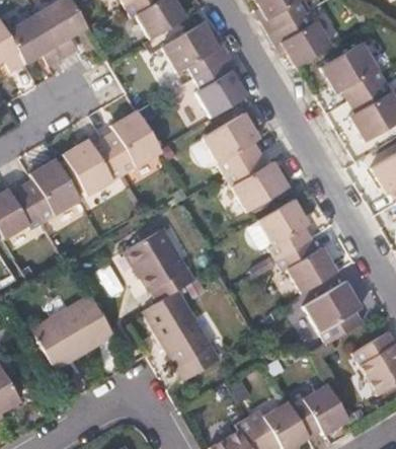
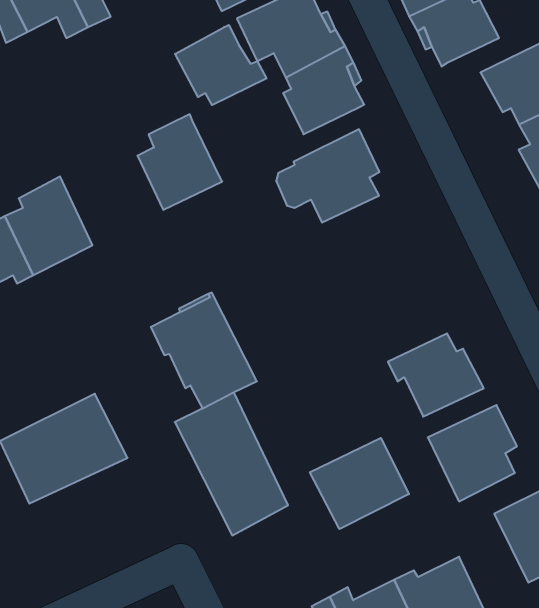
building: none -> [175,25,266,105]
building: [64,138,124,195] -> none
building: [226,153,289,211] -> none
building: [257,199,312,259] -> none
building: none -> [310,438,409,529]

